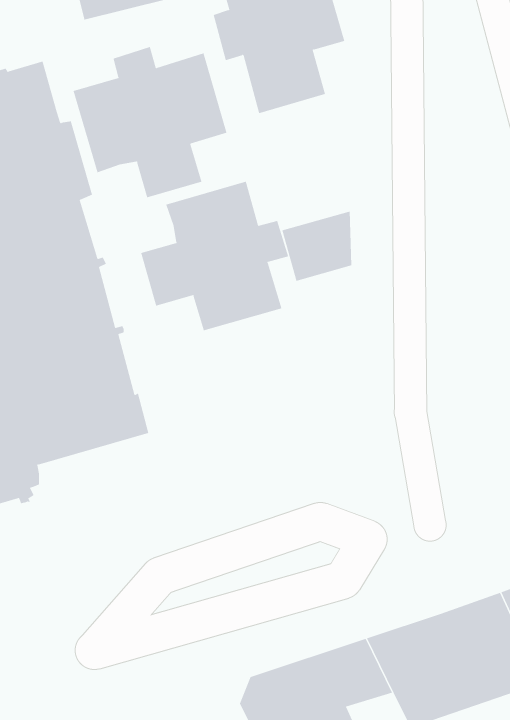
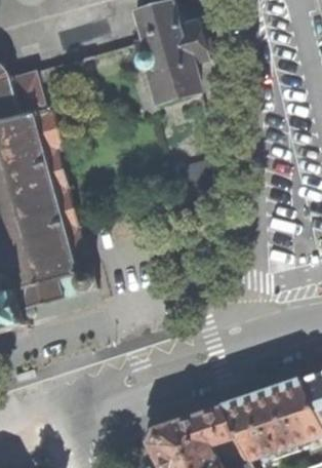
building: [73,46,227,198] -> none
building: [141,181,289,331] -> none

